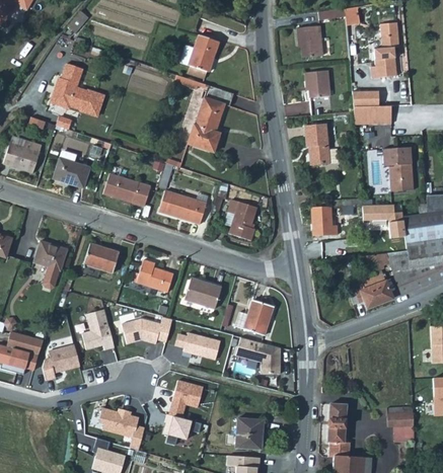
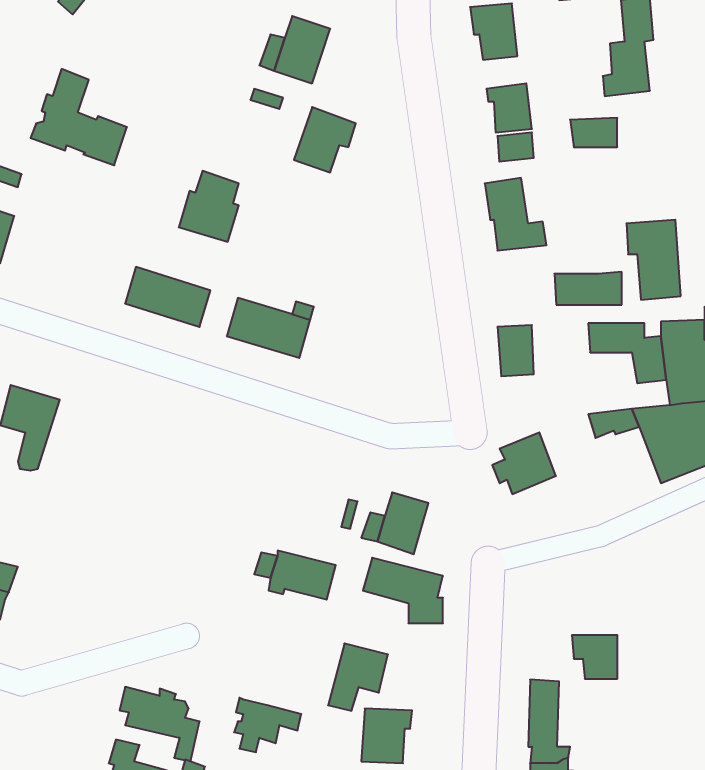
building: [354,105,391,124] -> [554,272,622,305]
building: [184,113,218,153] -> [179,171,239,242]
building: [53,150,90,187] -> none
building: [229,199,257,240] -> none
building: [82,242,120,278] -> none
building: [137,259,174,292] -> none
building: [357,273,392,308] -> [492,432,556,494]
building: [184,277,221,308] -> none
building: [83,311,116,349] -> none
building: [123,315,173,342] -> none
building: [44,344,81,380] -> none
building: [169,380,203,417] -> [328,643,388,711]
building: [387,412,413,437] -> [572,635,617,679]

